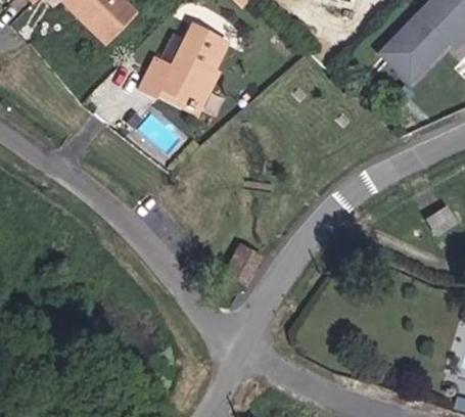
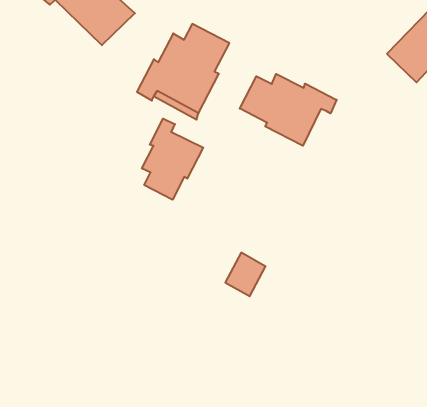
building: none -> [240,74,337,146]
building: none -> [142,119,203,200]

